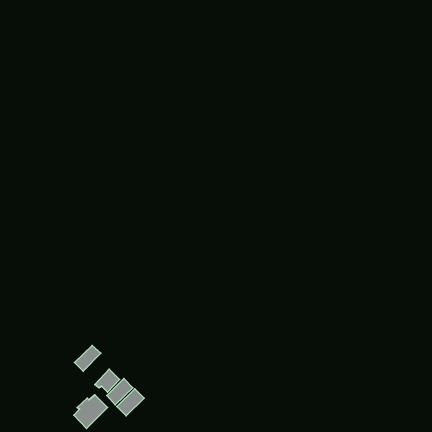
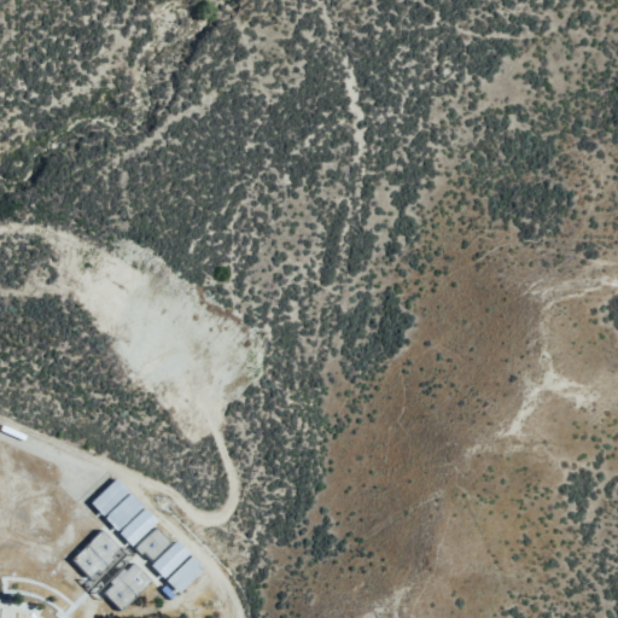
building: none -> [92,477,128,514]
building: none -> [119,507,158,544]
building: none -> [71,529,119,577]

